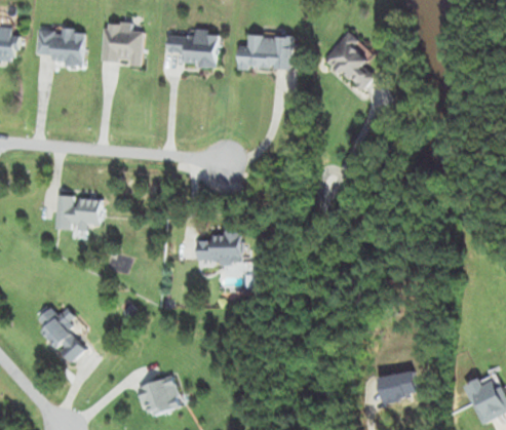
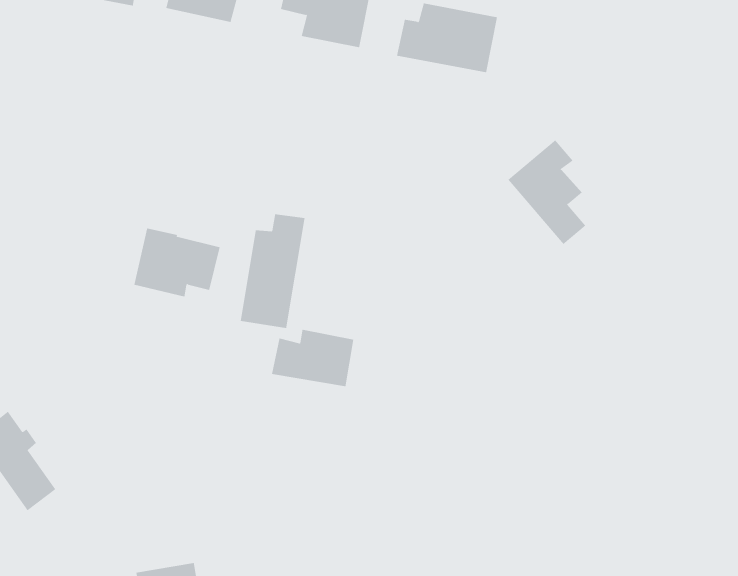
building: [324,30,374,89] -> [508,140,586,245]
building: none -> [240,214,305,329]
building: [55,194,102,230] -> [133,228,220,297]

